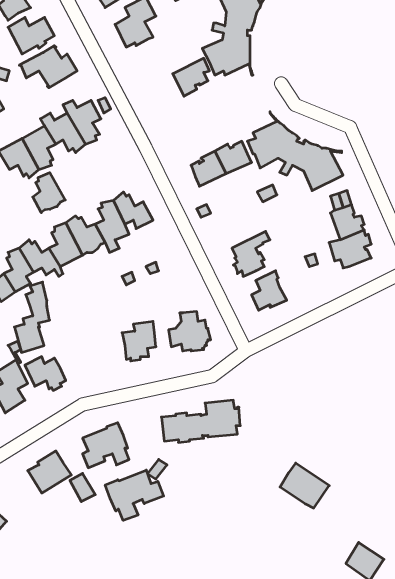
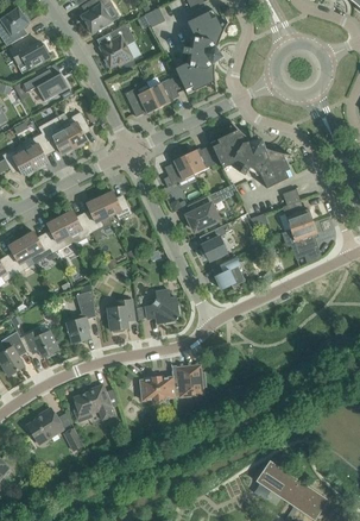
building: none -> [124,88,158,117]
building: [33,173,65,213] -> none
building: none -> [187,194,221,231]
building: [14,282,50,352] -> [65,284,95,344]
building: [280,463,329,508] -> [259,463,301,501]
building: [105,470,164,520] -> none

